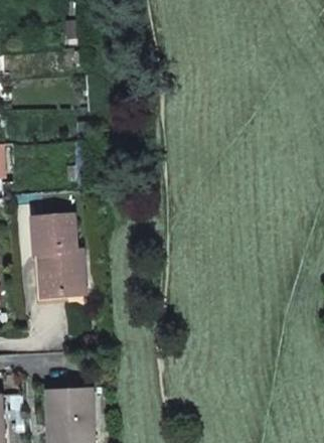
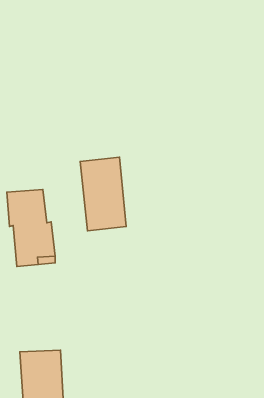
building: none -> [80,157,126,231]

